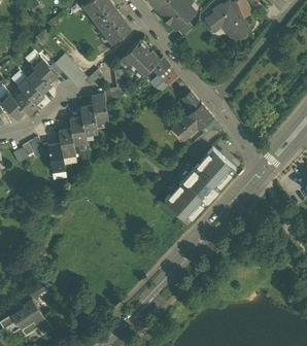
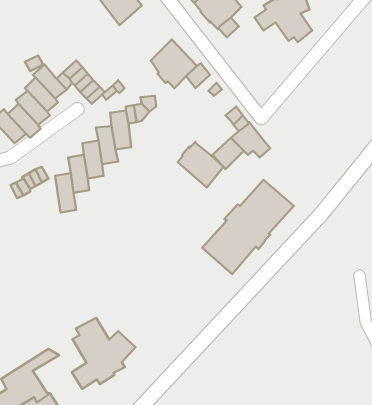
building: [98,11,130,44] -> none
building: none -> [178,142,223,187]
building: none -> [72,318,135,389]

